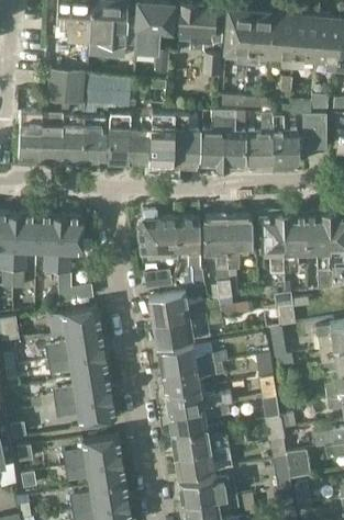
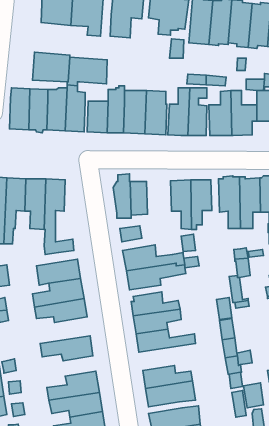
building: [177,218,204,292] -> none
building: [25,374,112,409] -> none
building: [168,405,234,436] -> none

